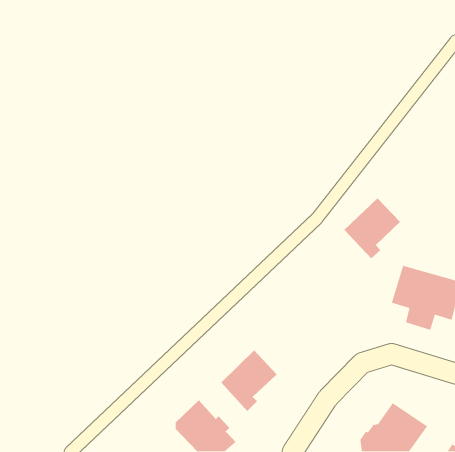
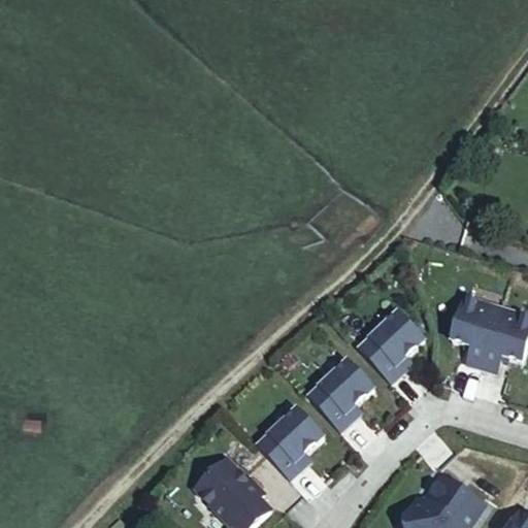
building: [344,198,401,259] -> [357,308,423,380]
building: none -> [306,357,372,428]

